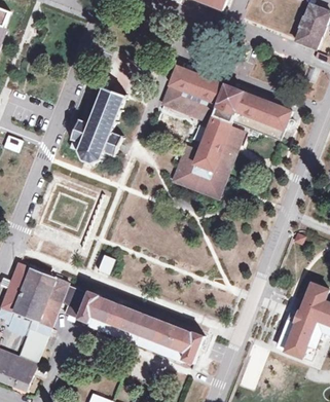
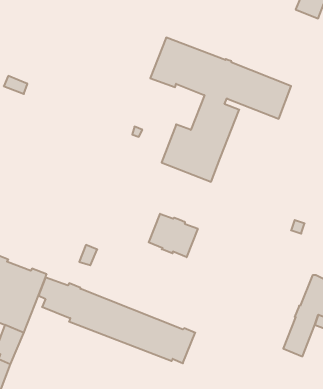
building: [69,84,127,165] -> none
building: none -> [149,214,198,257]

